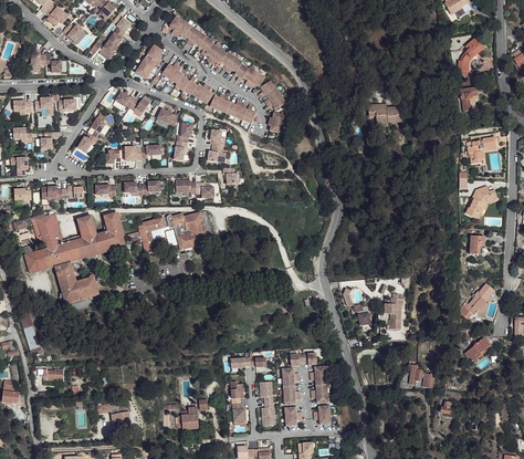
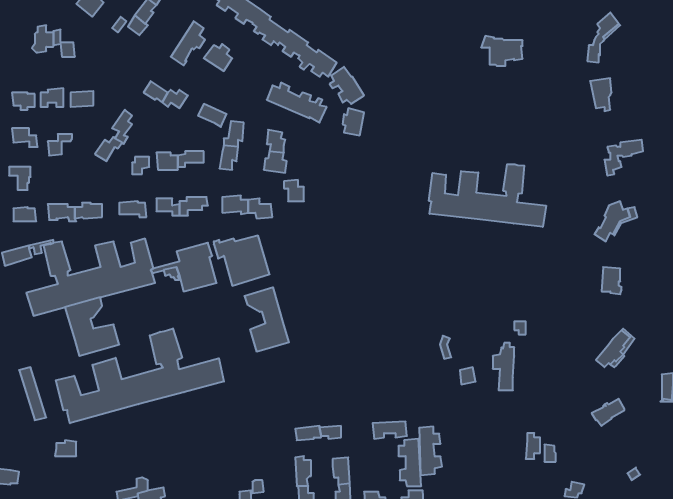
building: [175,71,212,103] -> none
building: [369,103,401,126] -> [481,36,523,66]
building: none -> [429,164,546,227]
building: none -> [244,287,289,352]
building: none -> [56,328,224,423]
building: [283,368,301,406] -> [419,427,442,475]

